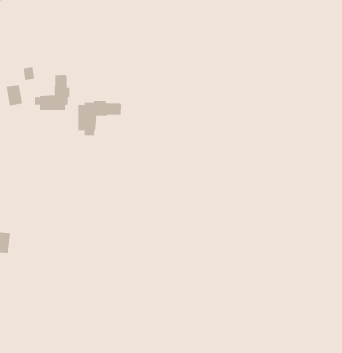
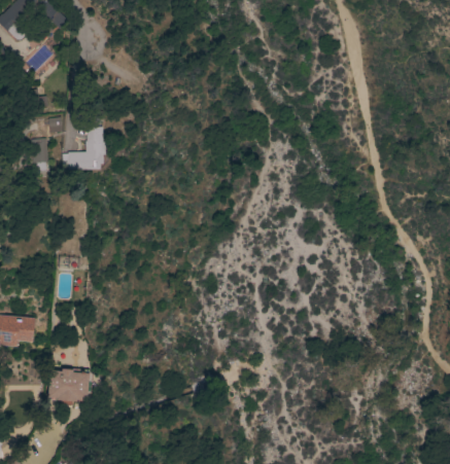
building: [78,100,122,136] -> none
building: none -> [45,369,88,404]

